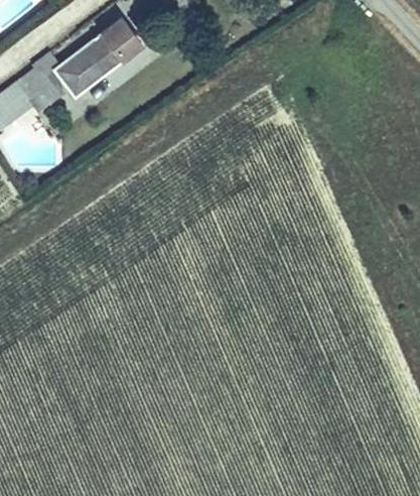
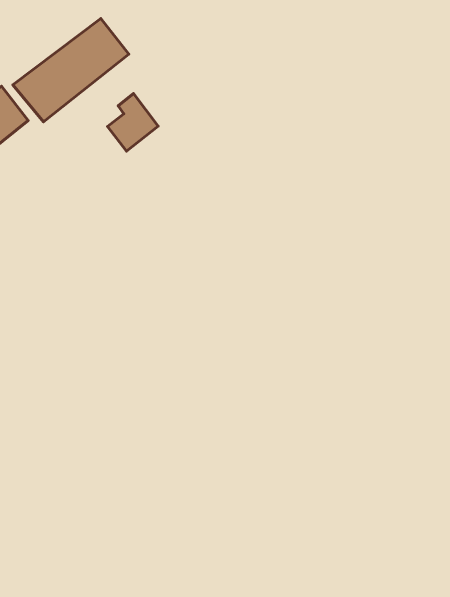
building: none -> [107,94,158,151]

